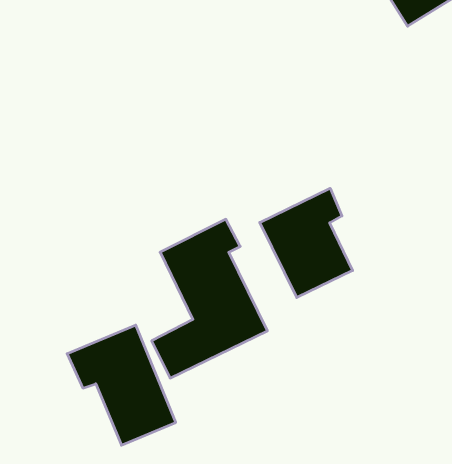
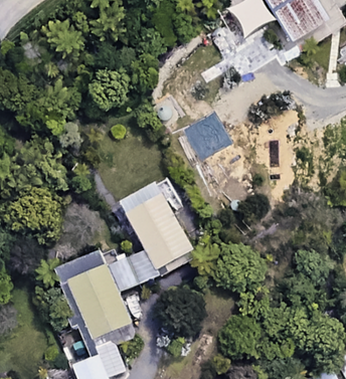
building: [260,188,353,298] -> none

